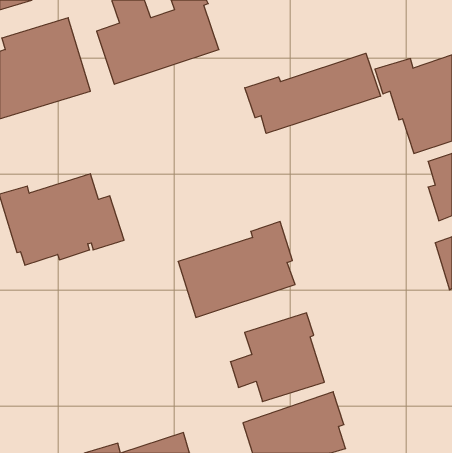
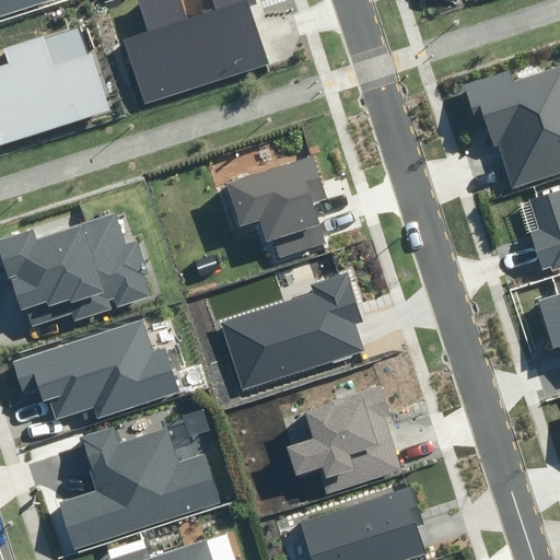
building: [245,53,381,133] -> none
building: none -> [224,154,326,259]
building: none -> [11,319,180,420]
building: none -> [59,428,220,548]

